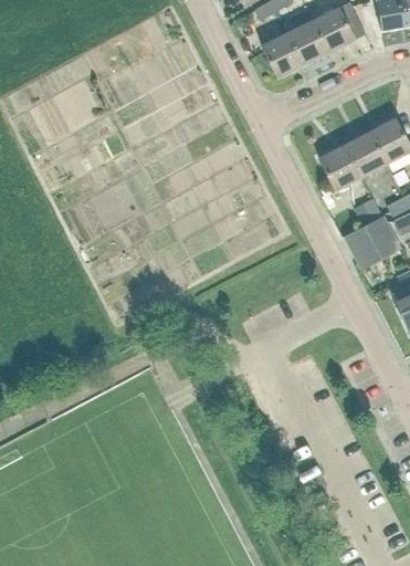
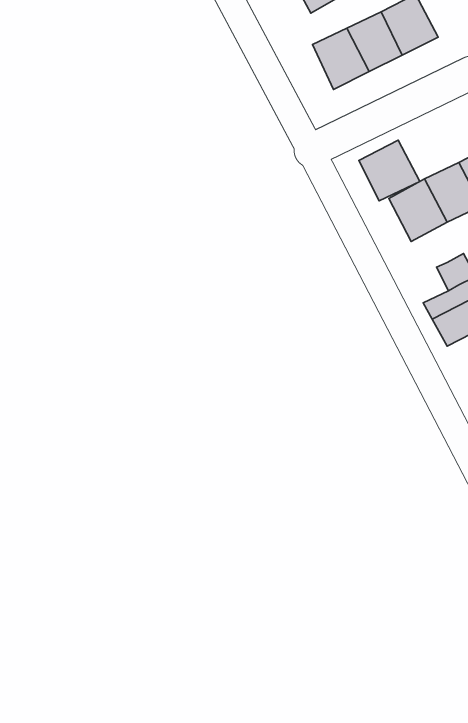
building: none -> [359,140,420,201]

